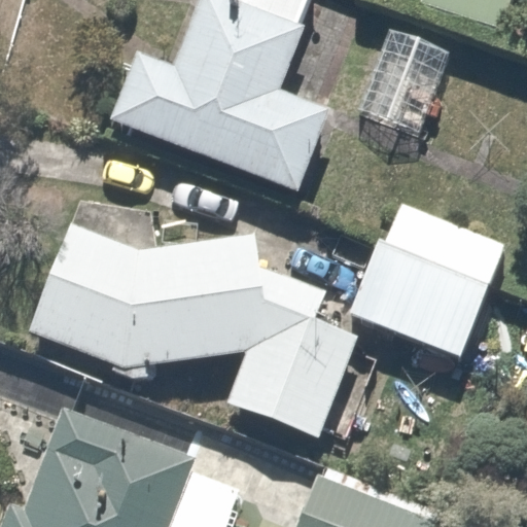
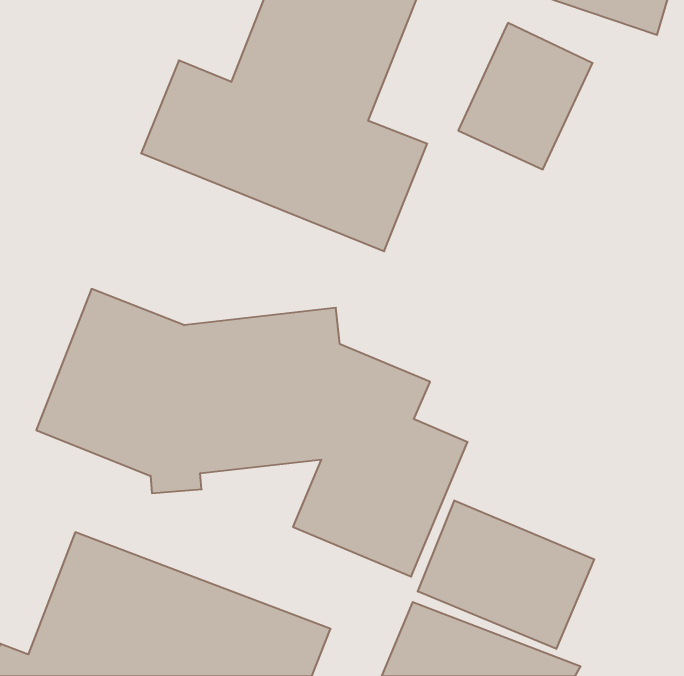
building: [355,206,508,359] -> none
building: none -> [418,500,594,649]

